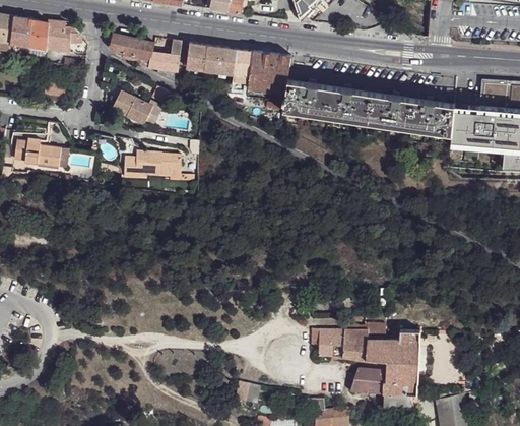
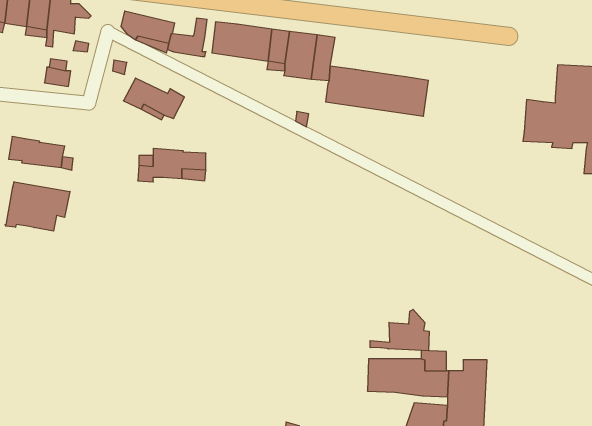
building: [366,93,453,136] -> none
building: none -> [5,182,70,231]
building: none -> [370,309,429,351]

